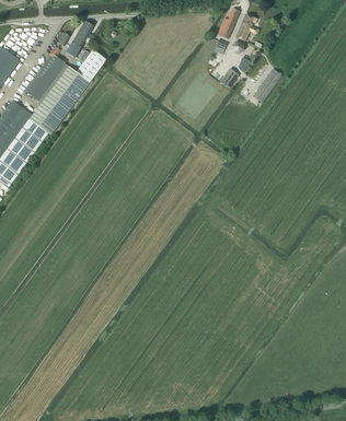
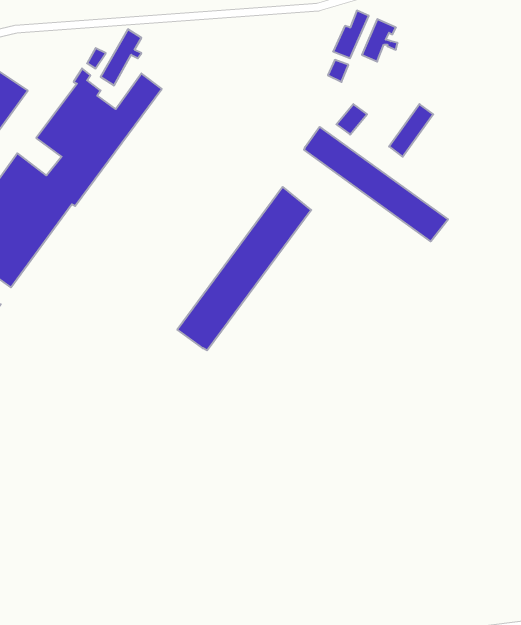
building: none -> [304,127,448,241]
building: none -> [177,187,311,350]

